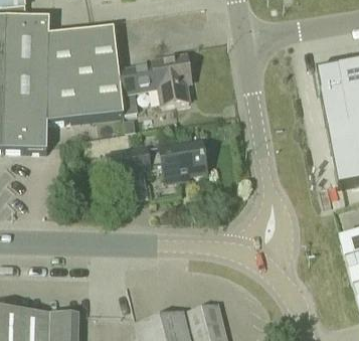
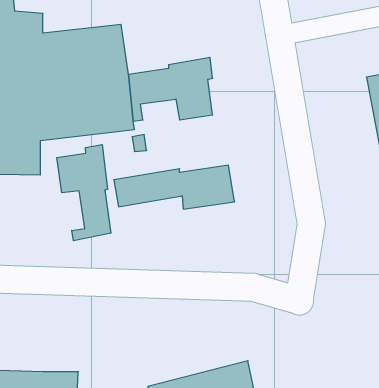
building: none -> [57,145,111,241]

